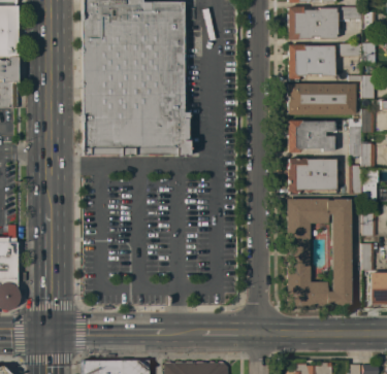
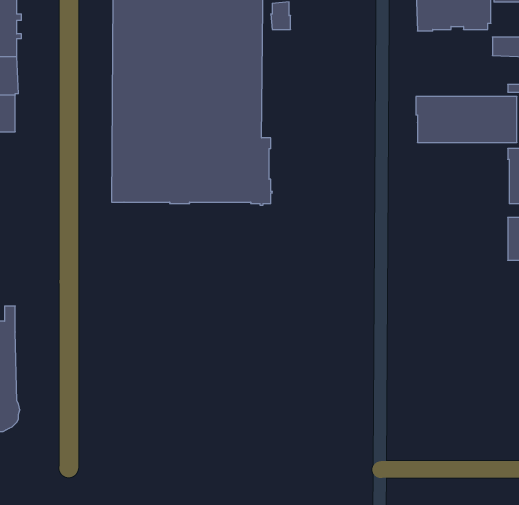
building: [288,44,335,81] -> none
building: [288,120,334,152] -> none
building: [288,158,336,194] -> none
building: [288,198,352,306] -> none

